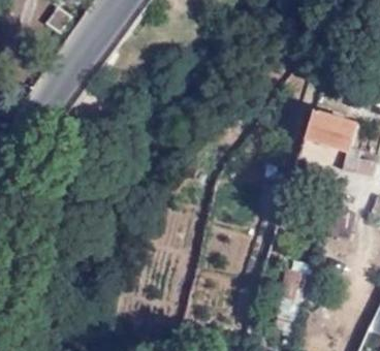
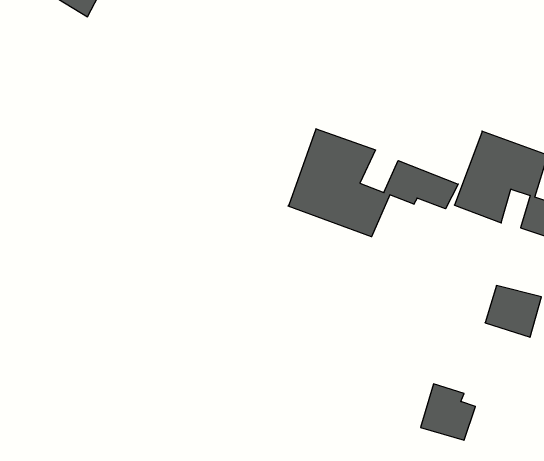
building: none -> [288,129,458,237]

